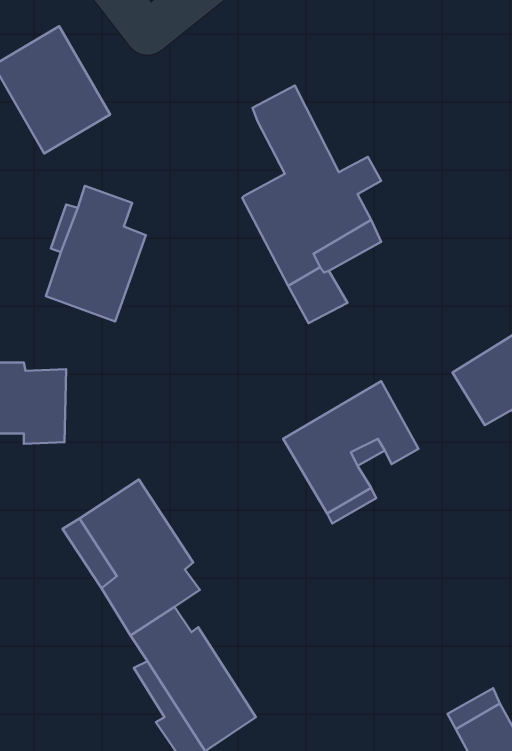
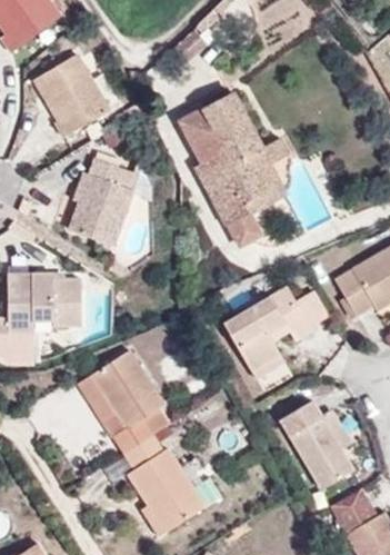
building: none -> [181,116,224,165]
building: none -> [280,399,353,489]

